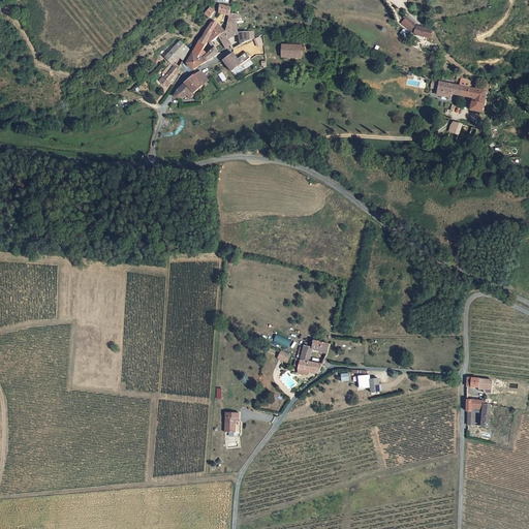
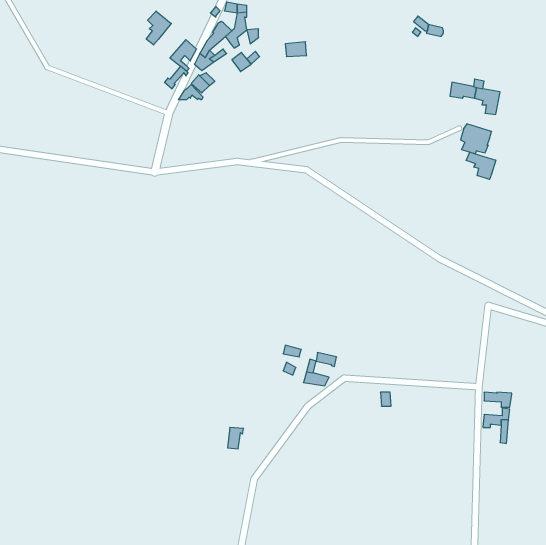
building: none -> [146,11,171,45]
building: none -> [466,152,496,179]

